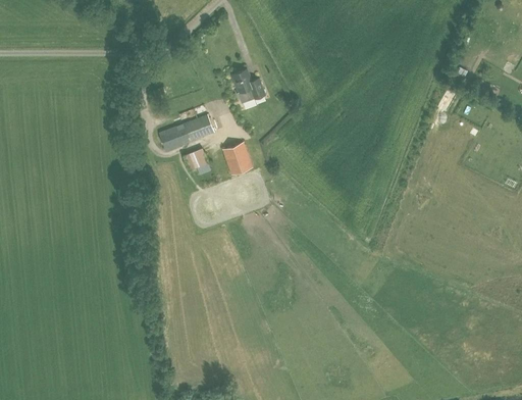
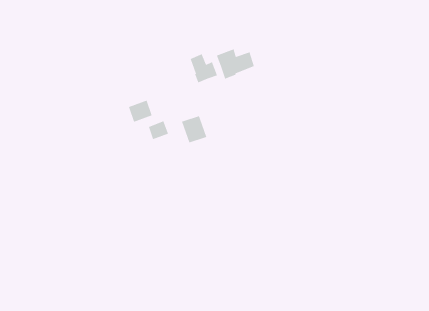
building: none -> [216,49,255,79]
building: [182,114,214,142] -> none

